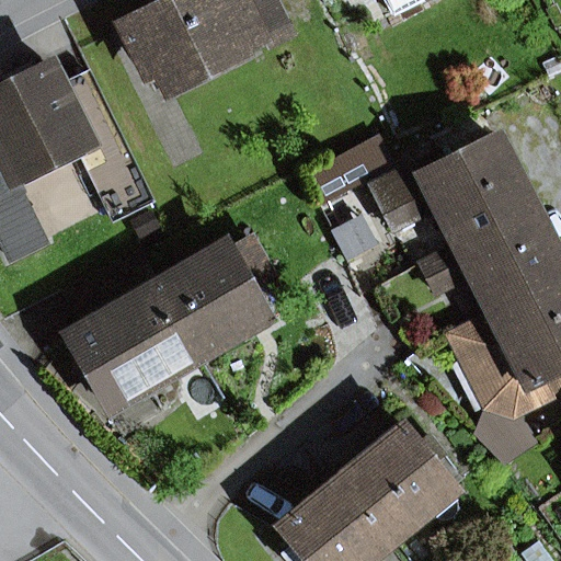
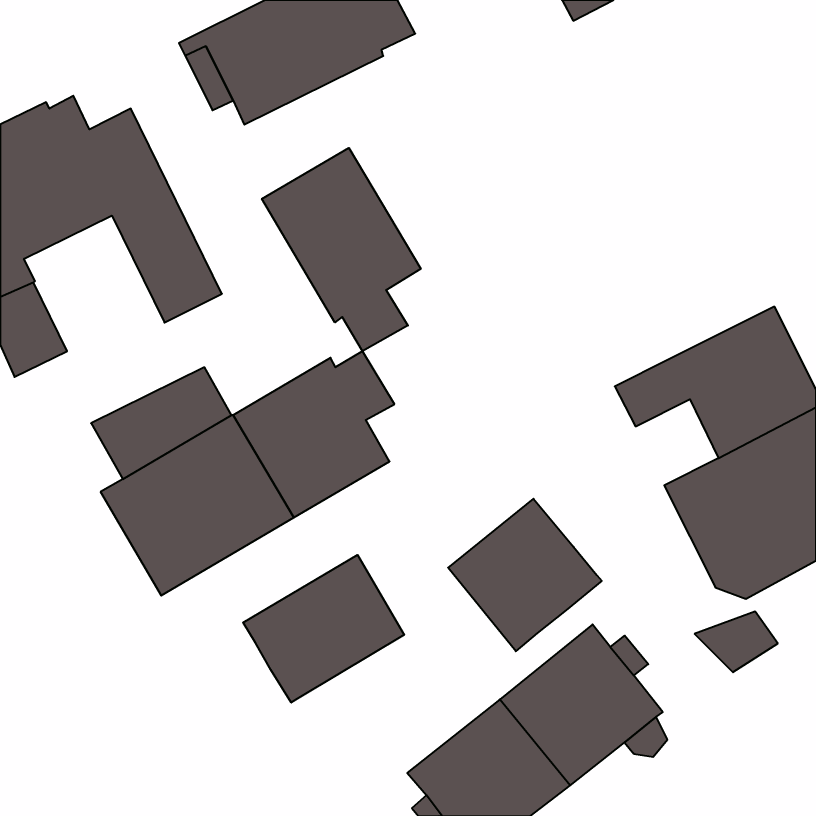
building: none -> [262,148,421,351]
building: [370,141,531,247] -> none
building: none -> [448,499,602,651]
building: none -> [243,555,404,703]

